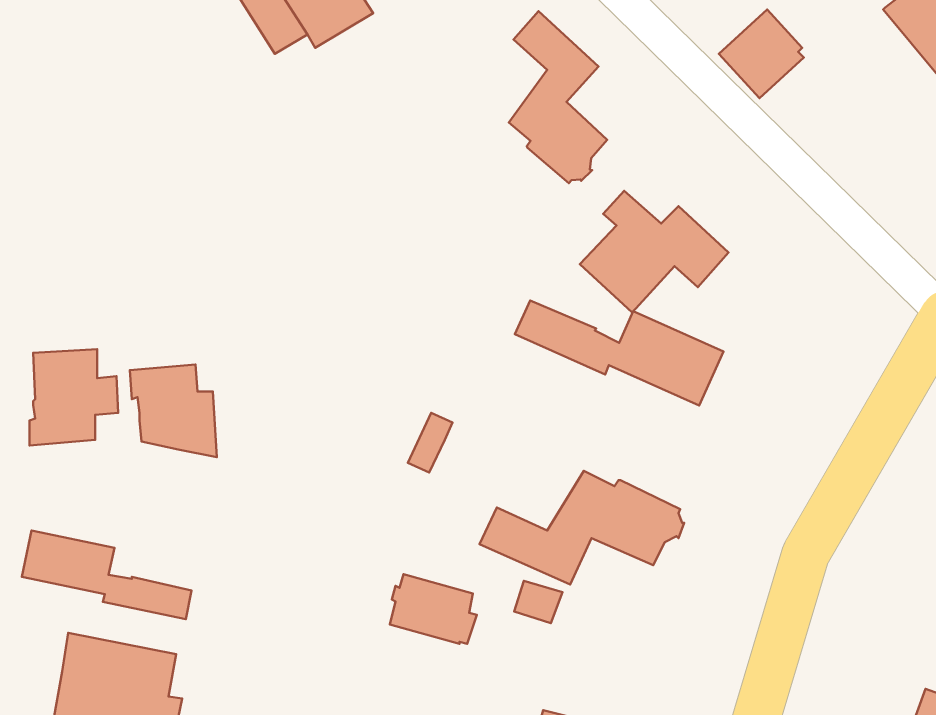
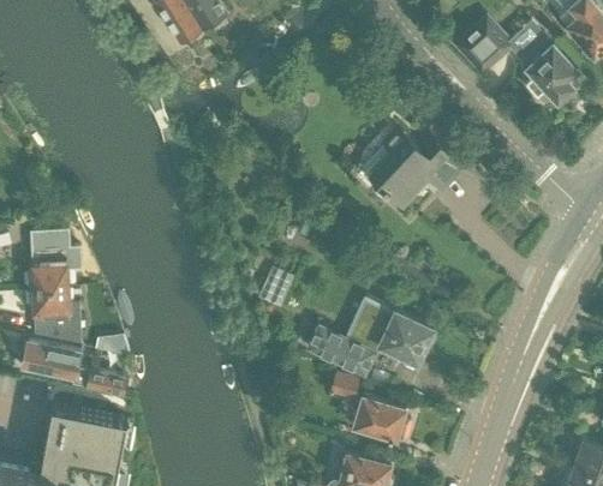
building: [509,11,607,183] -> none
building: none -> [518,35,577,102]
building: [515,300,724,406] -> none
building: [130,364,217,457] -> [28,286,82,343]
building: [390,574,477,644] -> [353,396,407,439]

